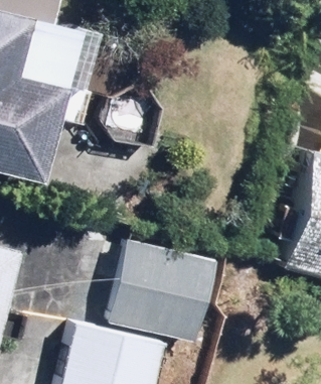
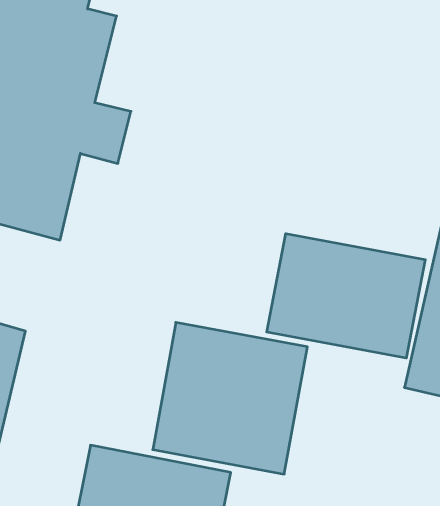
building: none -> [267,234,425,358]

